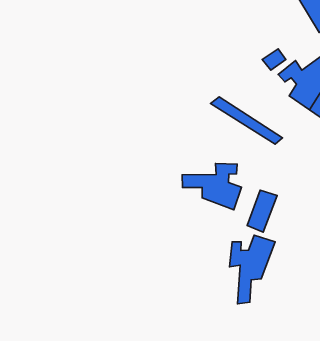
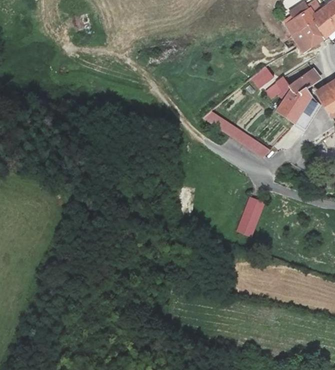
building: [182,163,241,210] -> none
building: [229,235,275,304] -> none

